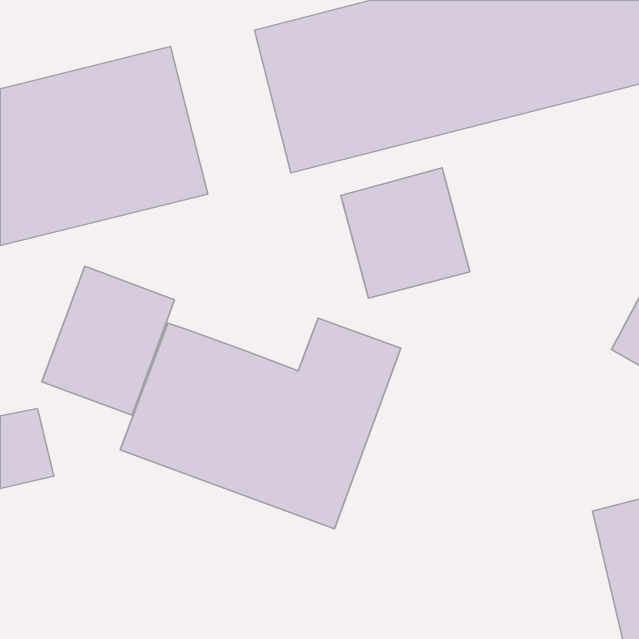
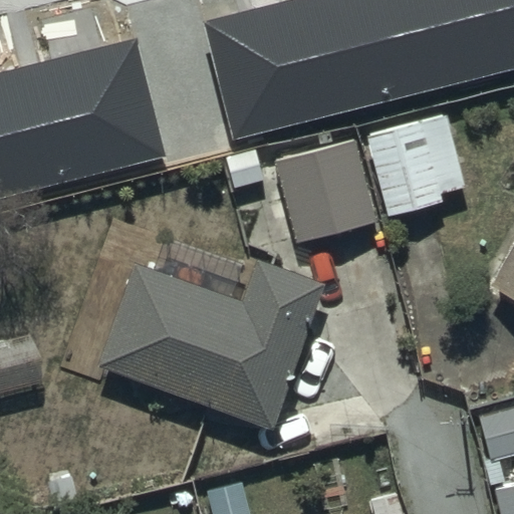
building: none -> [365,110,464,214]
building: [42,266,174,415] -> none

